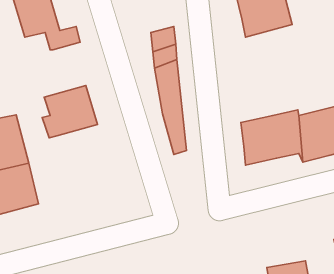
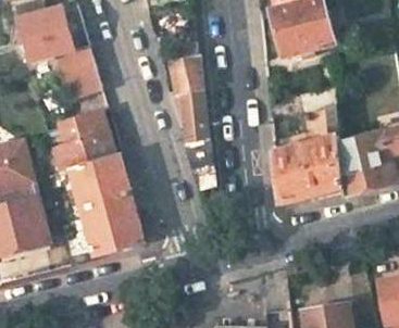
building: none -> [63,62,102,97]
building: none -> [302,106,338,144]
building: none -> [67,153,142,255]

